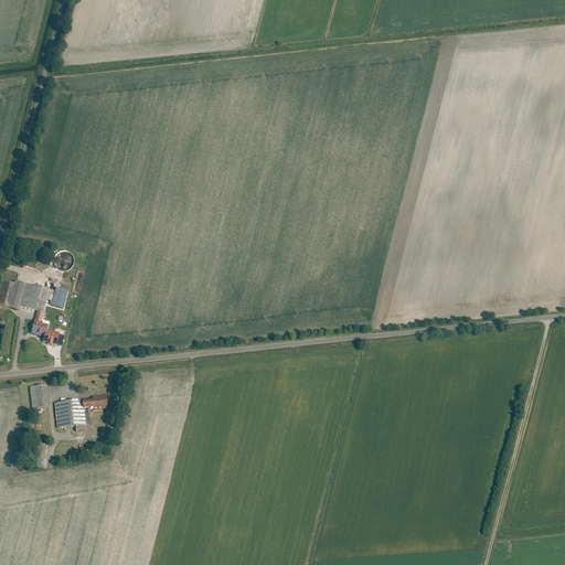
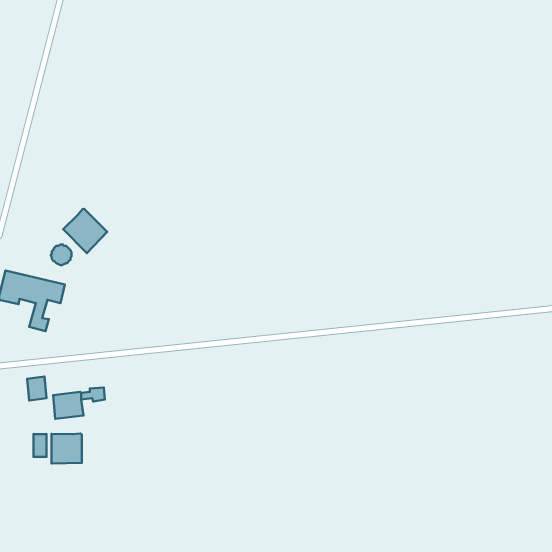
building: none -> [63,209,107,253]
building: none -> [52,433,82,463]

